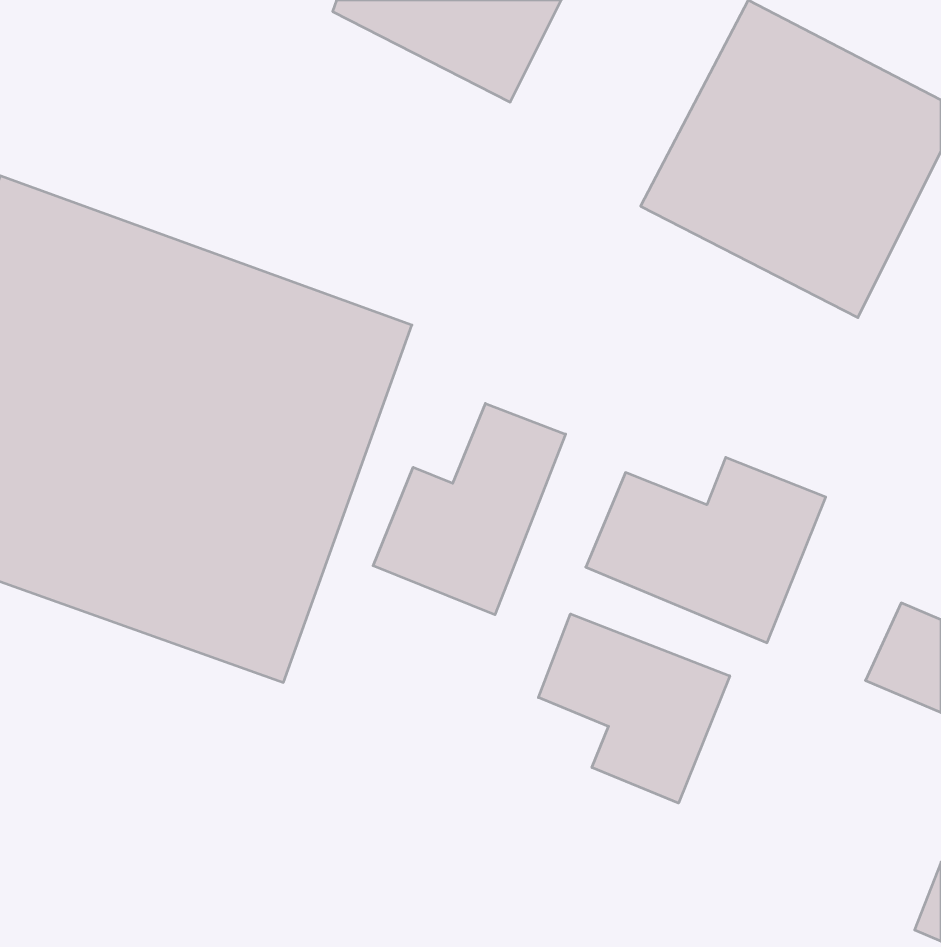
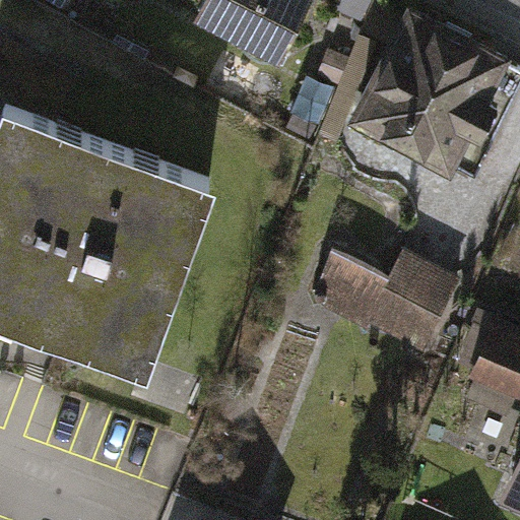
building: [373,403,566,615] -> none
building: [538,614,730,803] -> none

